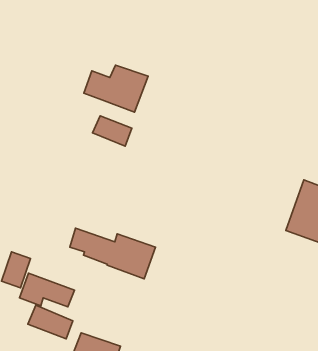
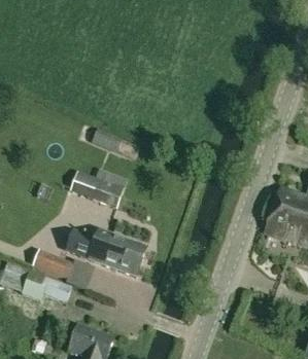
building: [84,65,148,112] -> [71,165,130,208]
building: [28,305,73,339] -> [32,248,73,279]

